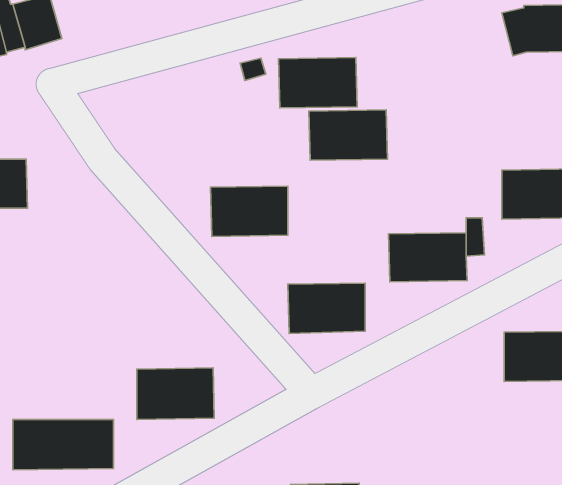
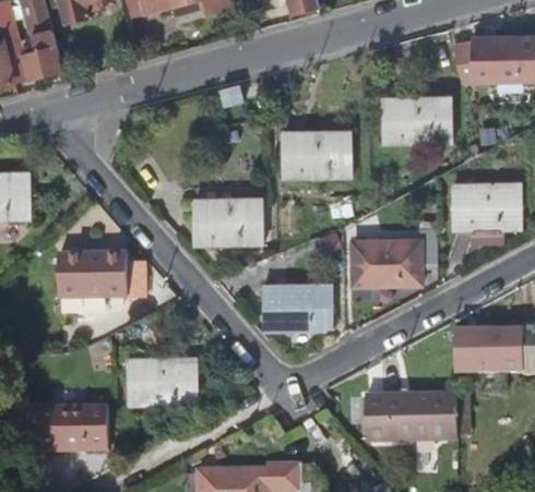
building: [279,58,357,108] -> [382,97,452,142]
building: none -> [58,252,141,297]
building: none -> [366,394,456,439]

